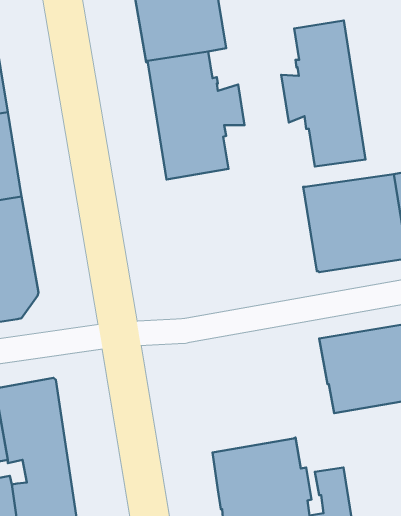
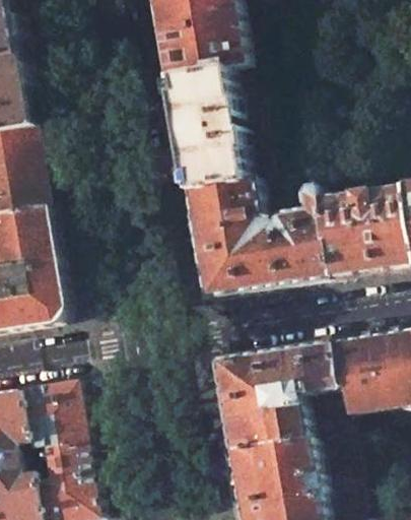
building: [281,20,366,167] -> none
building: none -> [184,179,327,300]
building: none -> [212,342,346,451]

